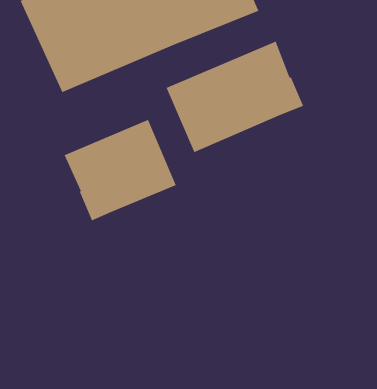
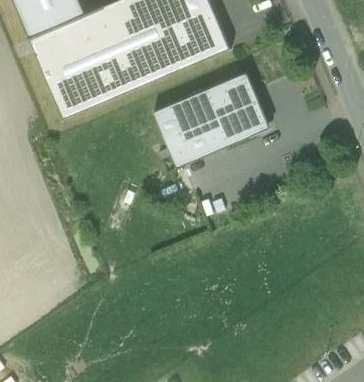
building: [63,119,177,222] -> none

